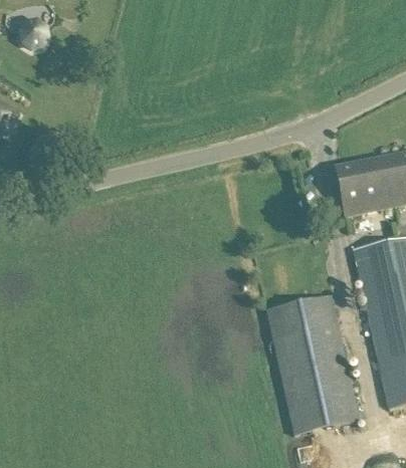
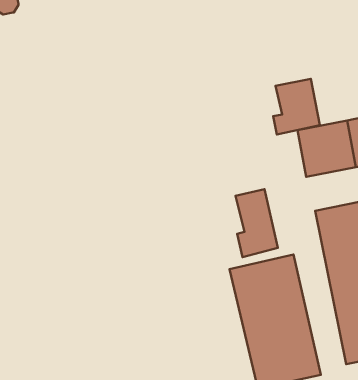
building: none -> [273,79,320,135]
building: none -> [235,189,278,257]

